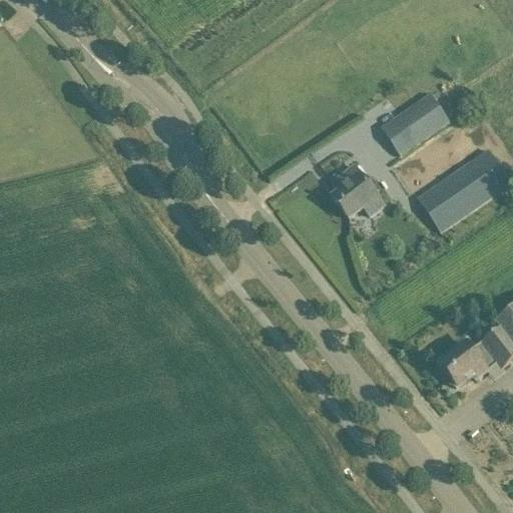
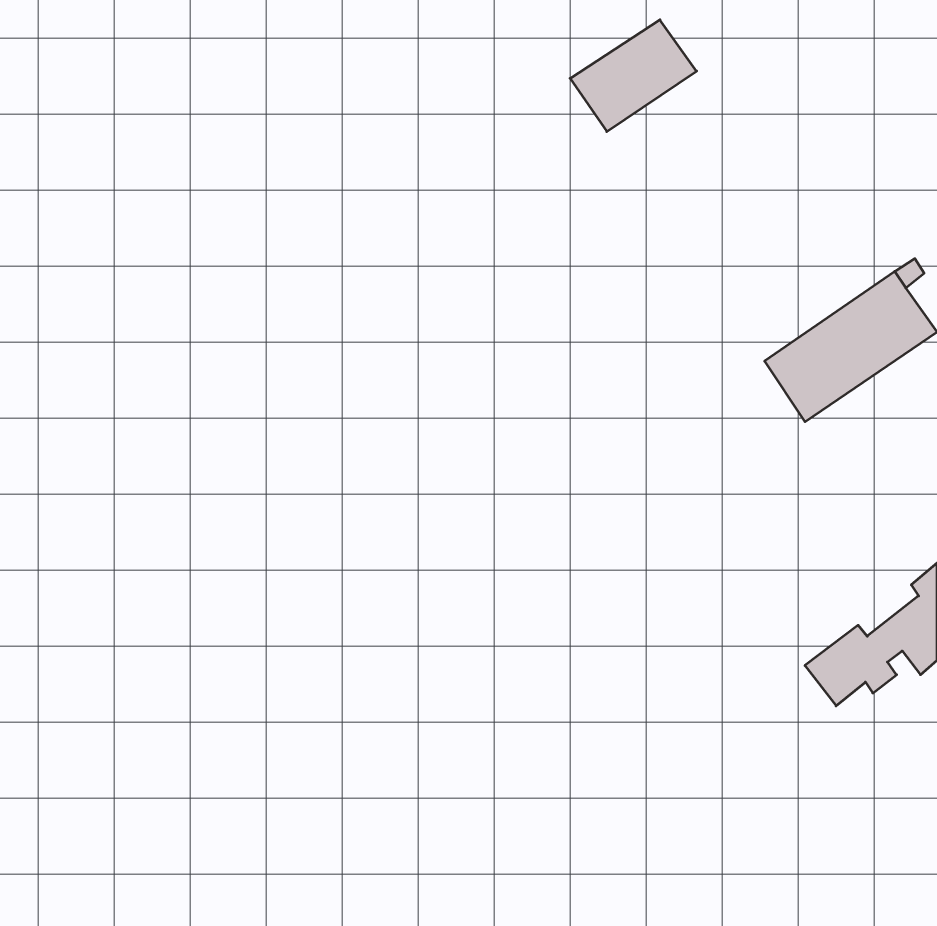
building: [382,93,451,154] -> [570,20,697,132]
building: [333,160,379,217] -> none

